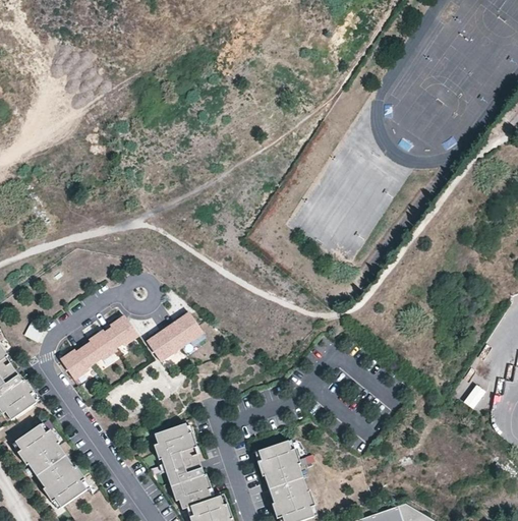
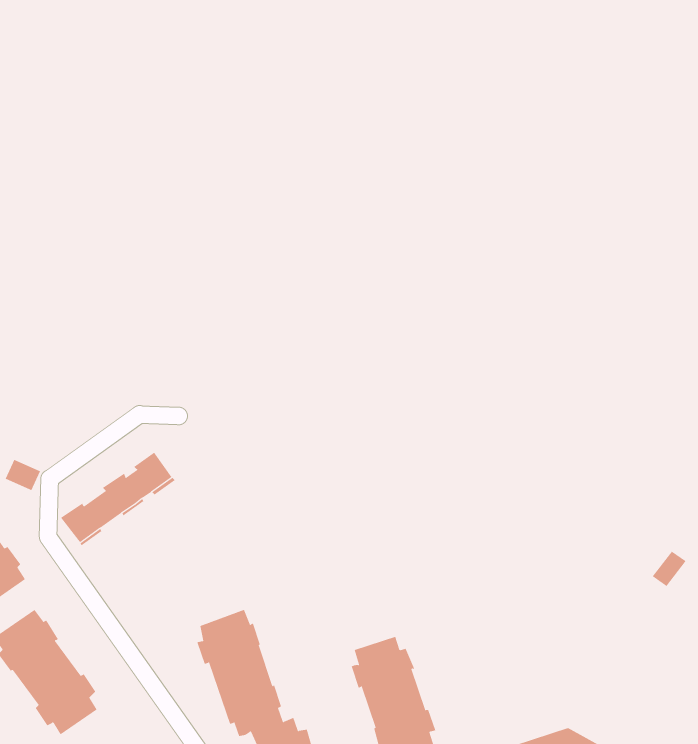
building: [147,312,203,361] -> none

